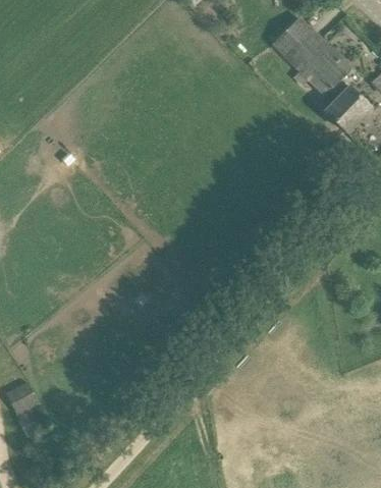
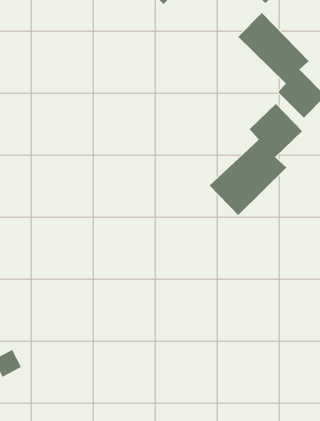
building: none -> [209,103,303,216]

